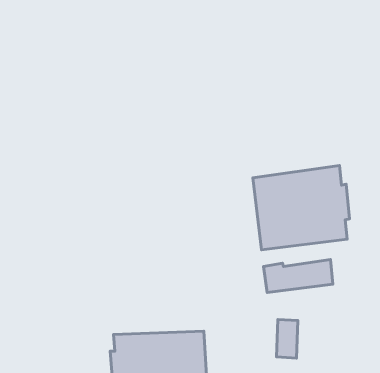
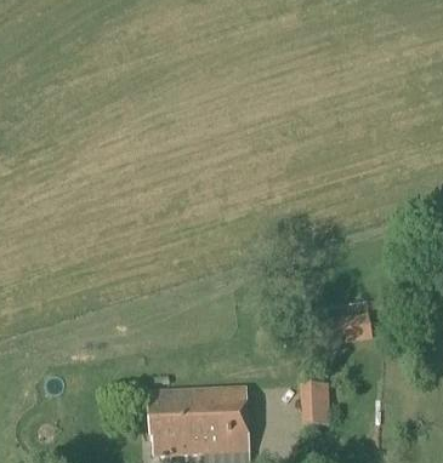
building: [253,166,350,250] -> none

